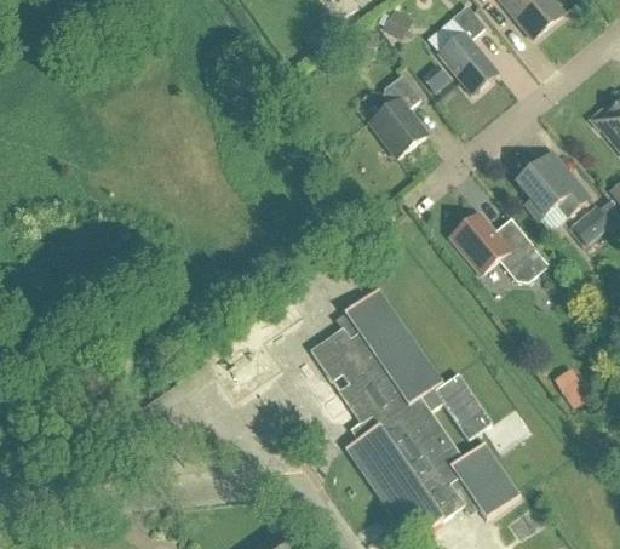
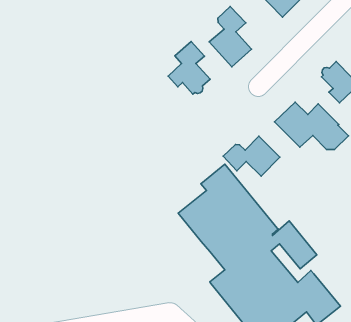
building: none -> [168,42,210,94]
building: none -> [223,136,280,176]

